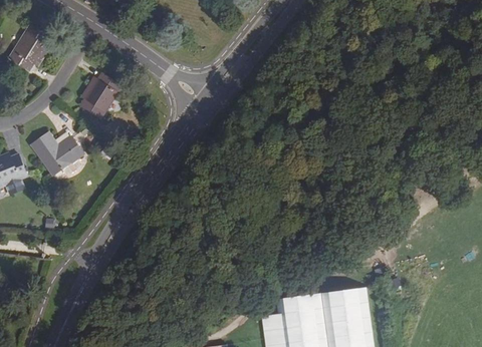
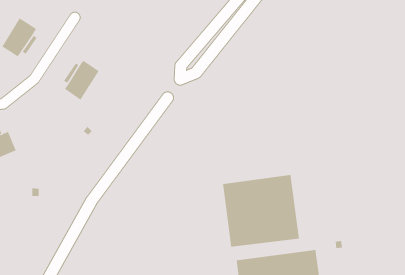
building: [31,132,83,176] -> none
building: none -> [222,174,299,248]

